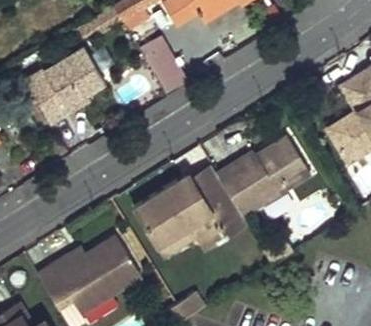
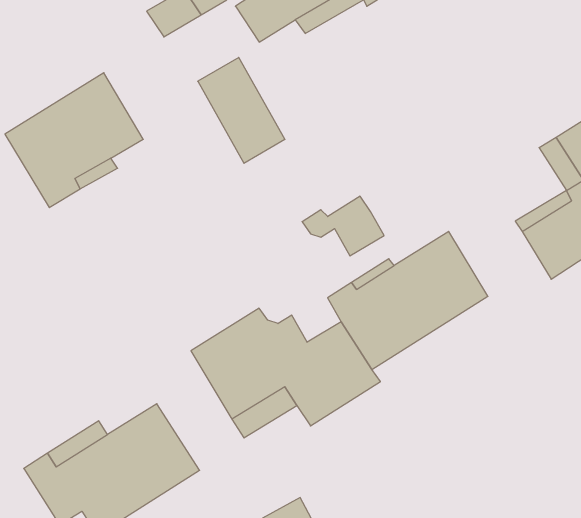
building: [175,167,223,202] -> [302,196,384,256]

